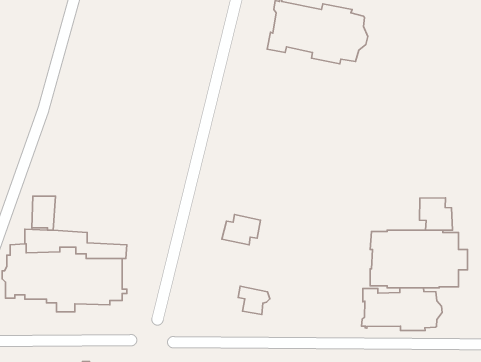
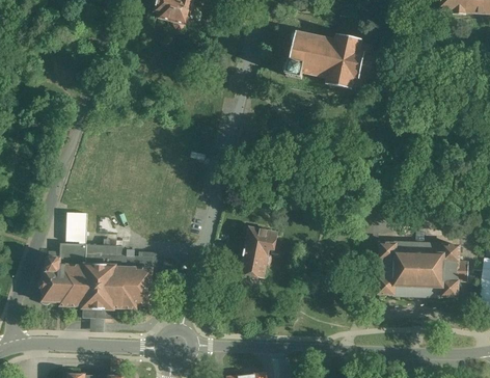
building: [419,198,452,230] -> none
building: [238,286,270,315] -> [239,250,268,276]
building: [362,288,442,331] -> none

